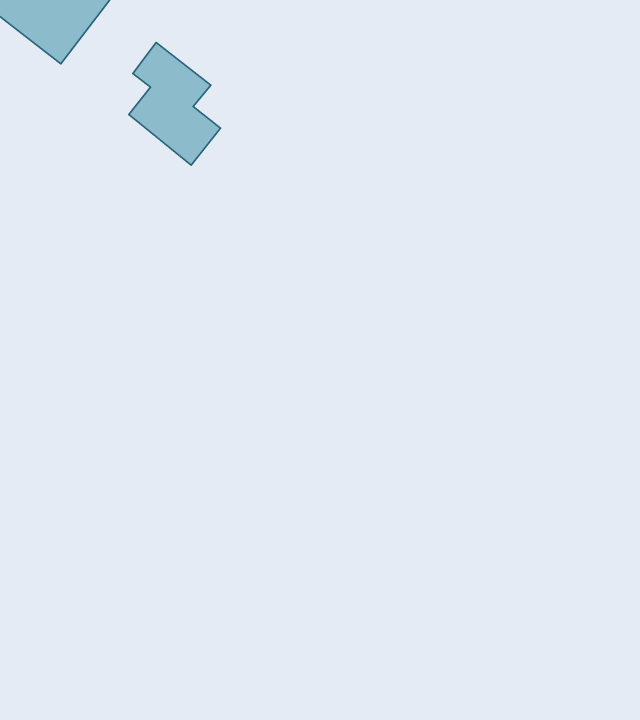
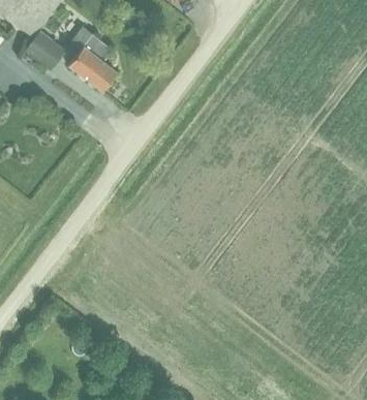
building: none -> [26,30,67,71]

